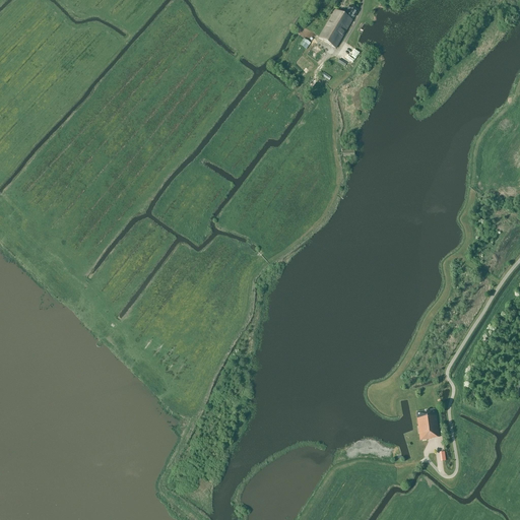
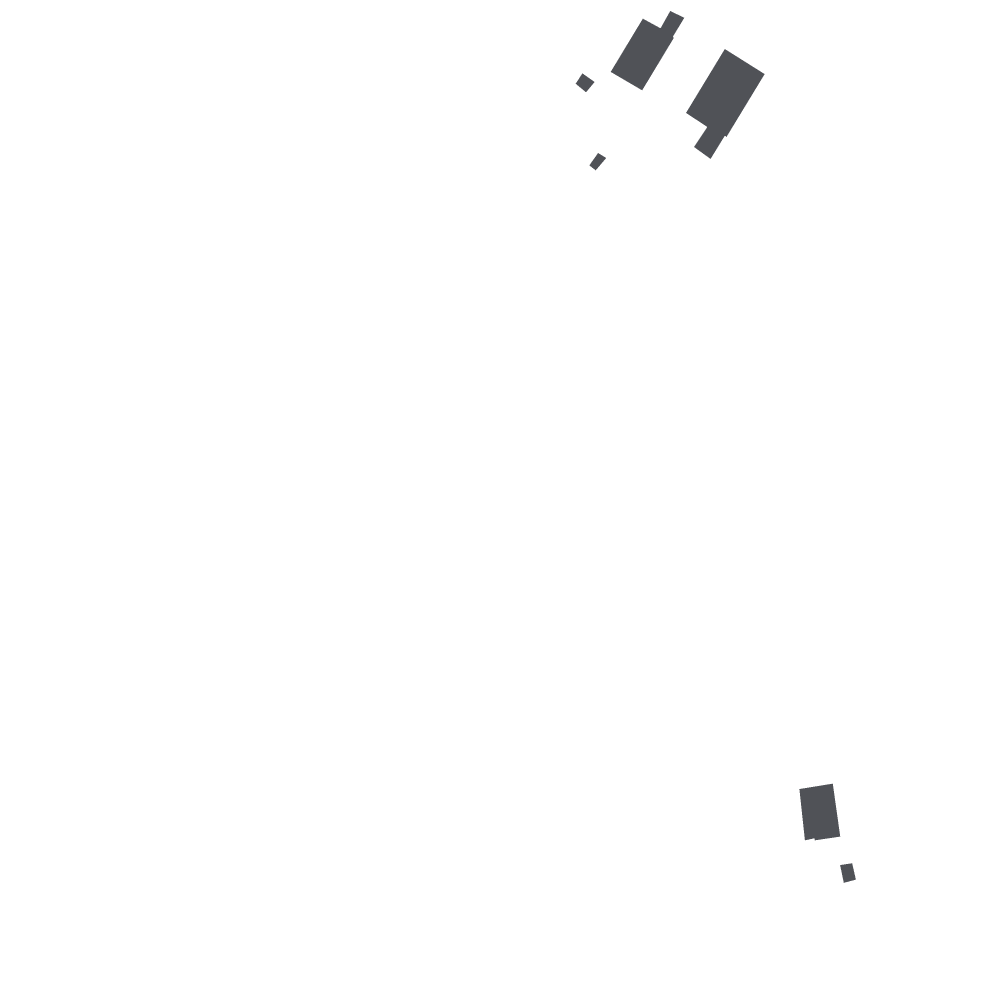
building: none -> [685,48,766,160]

